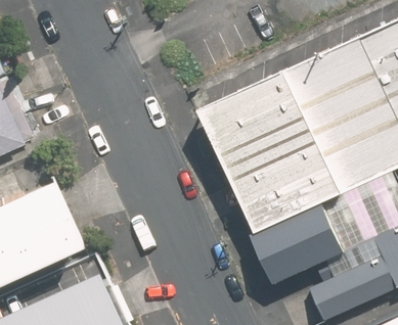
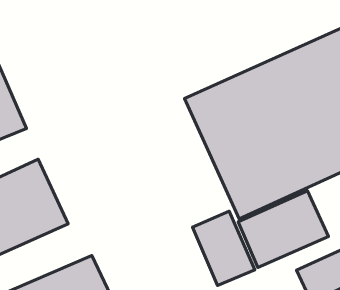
building: none -> [192,211,255,285]

